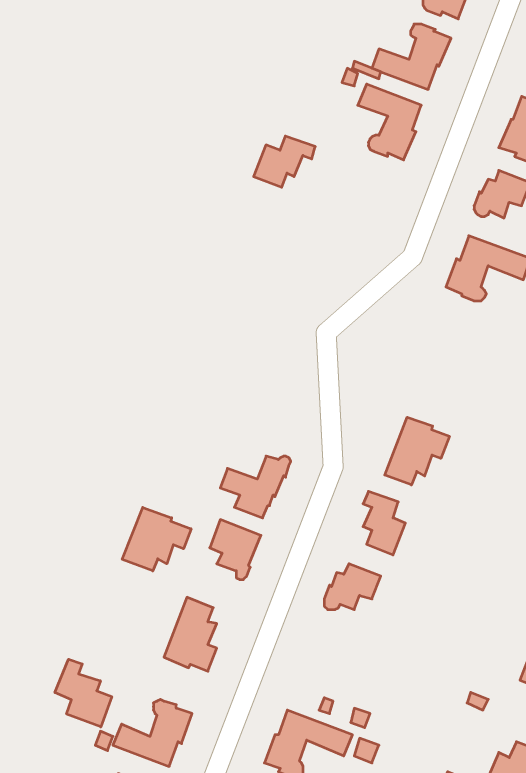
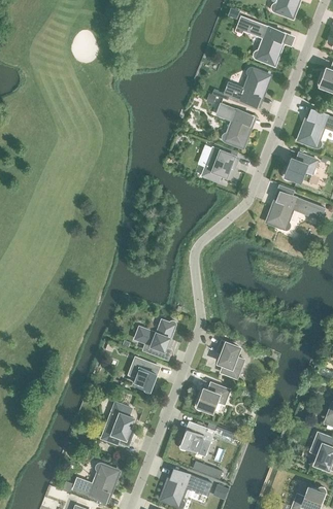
building: [254,136,315,187] -> [202,150,238,180]
building: [385,417,449,485] -> none
building: [122,507,191,571] -> none
building: none -> [179,423,213,453]
building: [55,659,112,727] -> none

